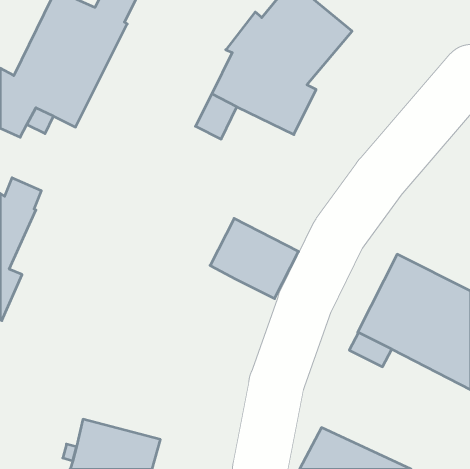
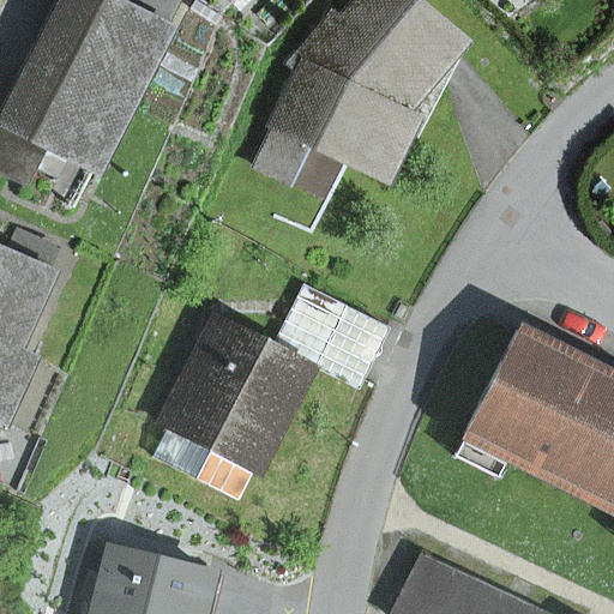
building: none -> [154,317,308,499]

